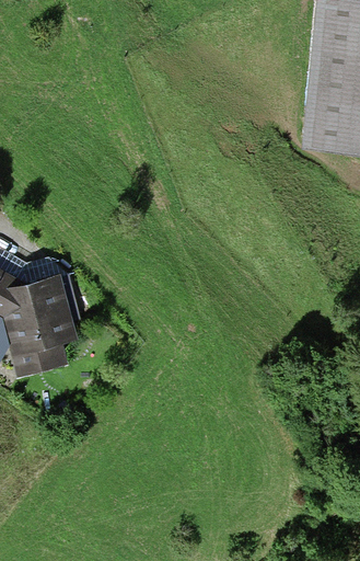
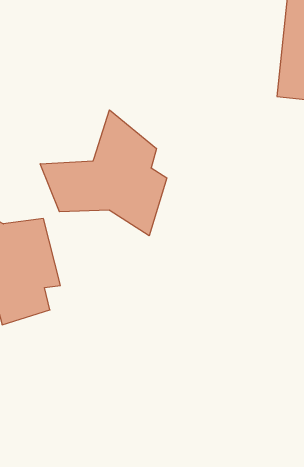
building: none -> [40,110,167,236]

